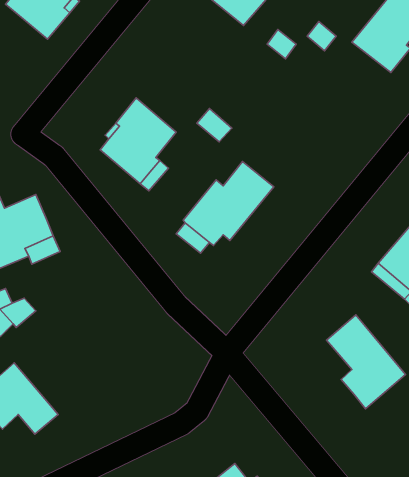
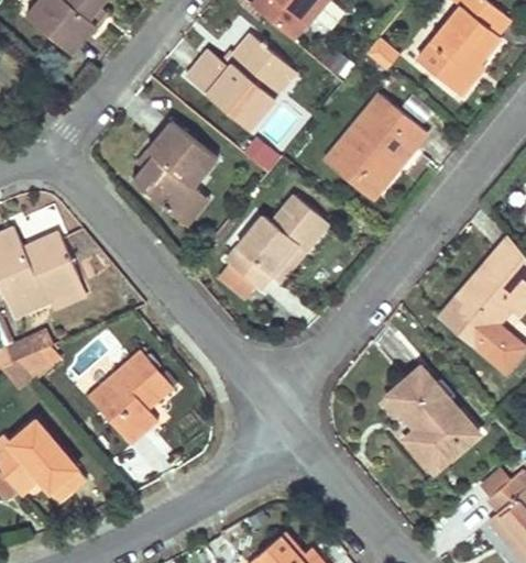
building: none -> [186,33,297,129]
building: none -> [325,93,427,199]
building: none -> [87,349,172,443]

